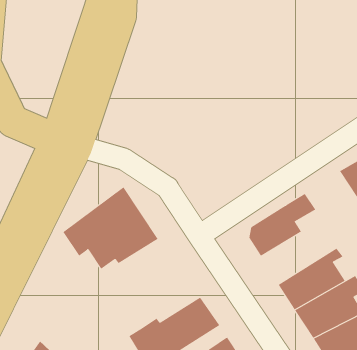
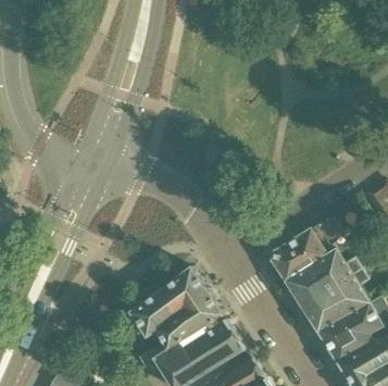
building: [63,186,159,269] -> [130,267,226,350]
building: none -> [286,249,362,308]

